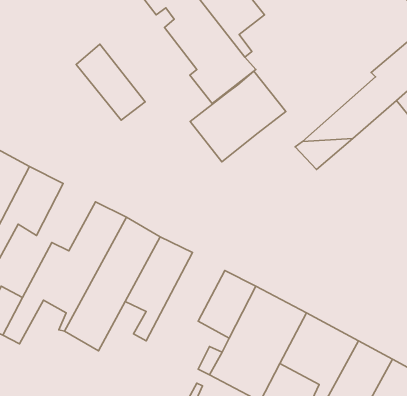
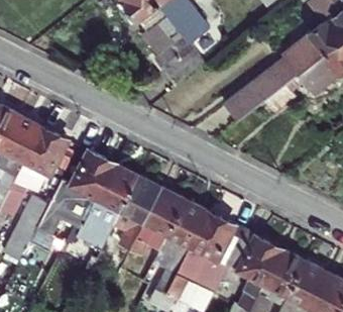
building: [76,44,145,120] -> none
building: [190,71,286,162] -> none
building: none -> [126,187,183,254]

